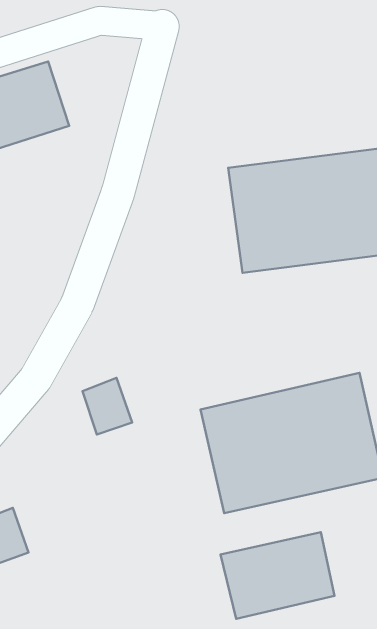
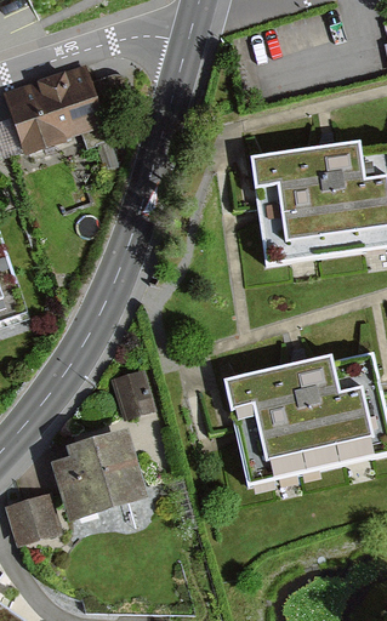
building: none -> [50,432,140,523]
building: [221,532,334,619] -> none

